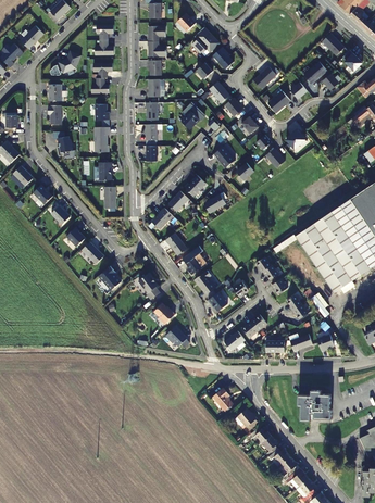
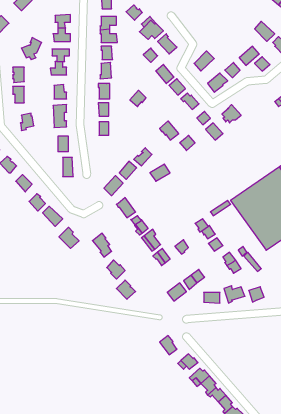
building: [295,390,326,419] -> none

